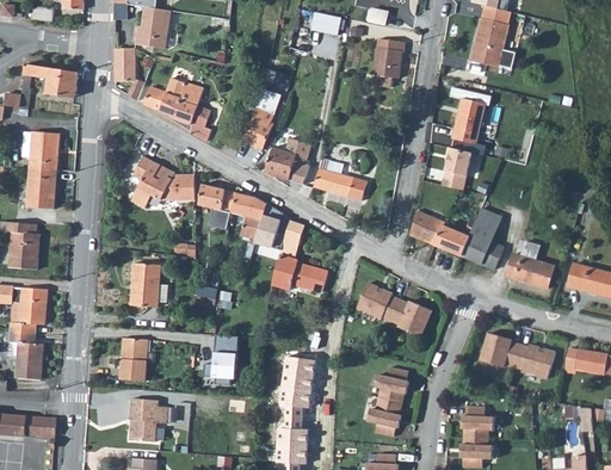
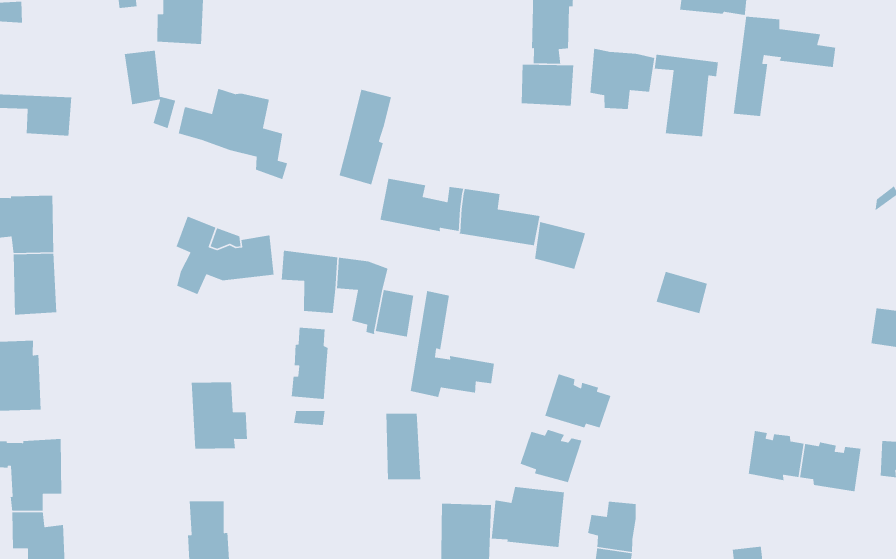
building: none -> [733,16,836,117]
building: none -> [589,48,655,110]
building: none -> [521,64,574,107]
building: [442,148,471,186] -> none
building: [462,209,504,270] -> none
building: [409,211,444,245] -> [534,221,586,270]
building: none -> [291,327,328,400]
building: [506,242,554,289] -> none
building: [390,301,432,336] -> [520,429,583,483]
building: [211,335,235,381] -> [385,413,421,480]
building: none -> [491,486,565,548]

